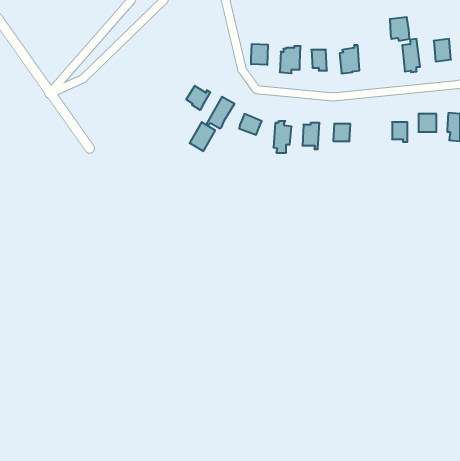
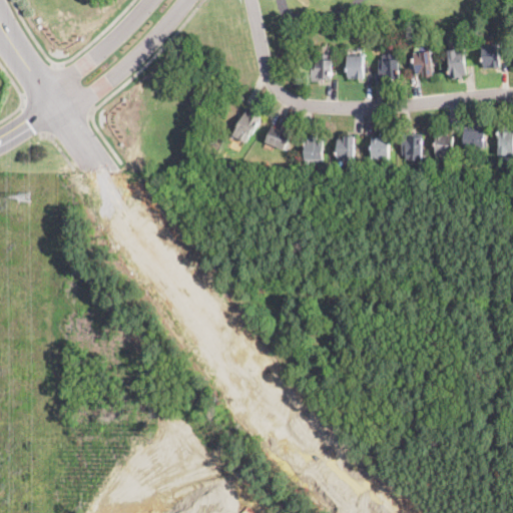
building: [390,17,410,41] -> [412,51,434,77]
building: [251,44,268,65] -> none
building: [186,86,210,110] -> none
building: none -> [399,132,422,160]
building: [190,122,215,151] -> none

